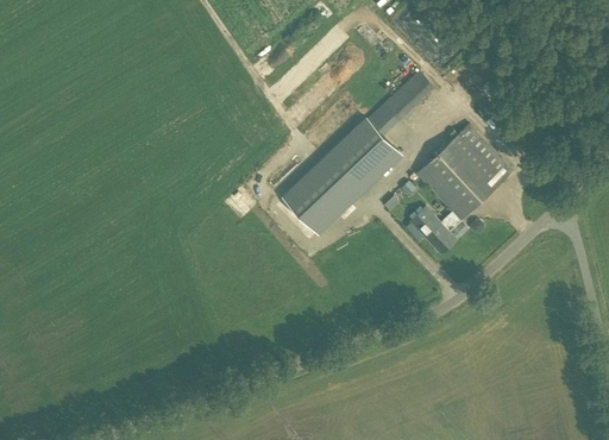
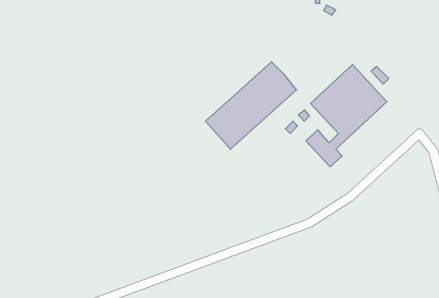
building: [366,68,435,138] -> none

